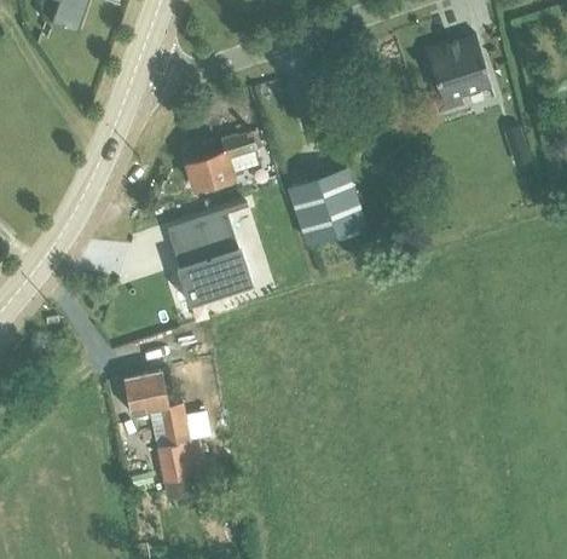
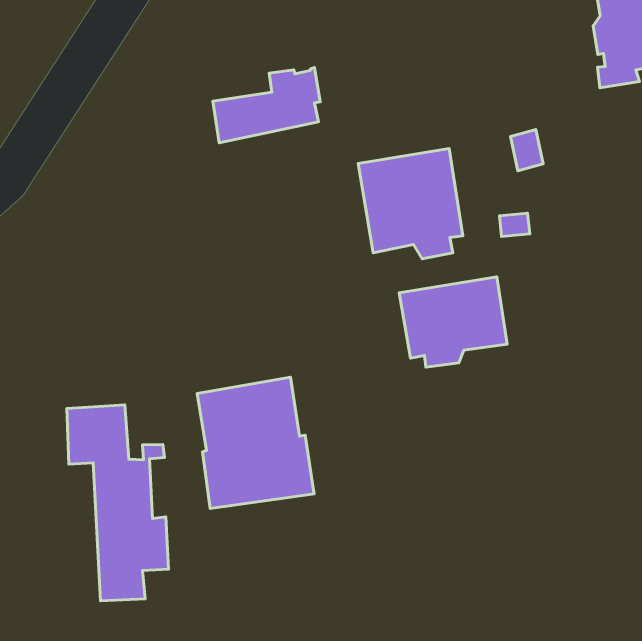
building: [168,211,255,305] -> [197,377,314,509]
building: none -> [399,277,507,367]

